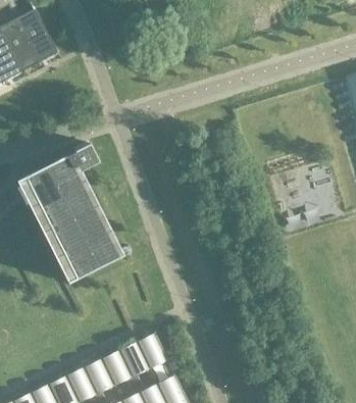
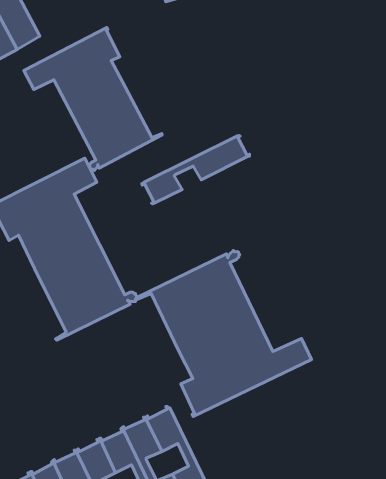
building: none -> [24,27,162,170]
building: none -> [142,136,250,204]
building: none -> [137,251,312,416]

